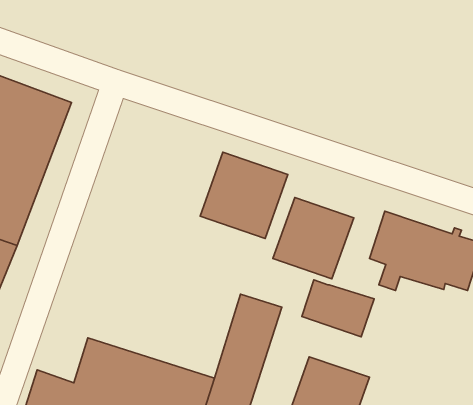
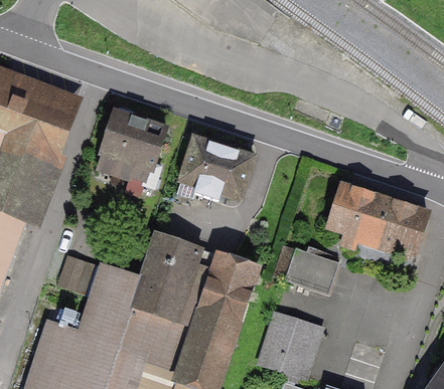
building: none -> [101,111,182,188]
building: [273,197,354,279] -> none
building: none -> [56,235,218,328]

